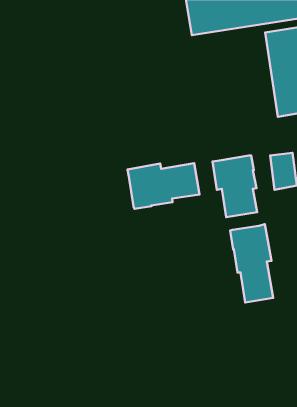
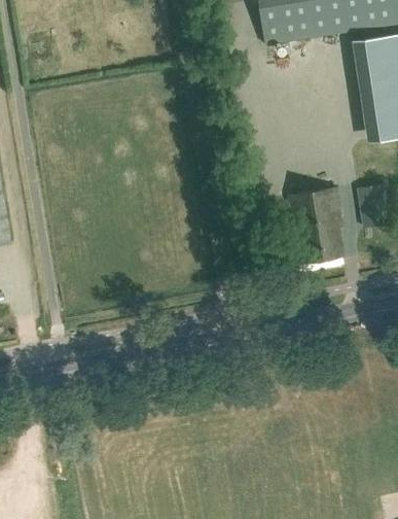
building: [127,163,199,209] -> none
building: [230,224,273,303] -> none

